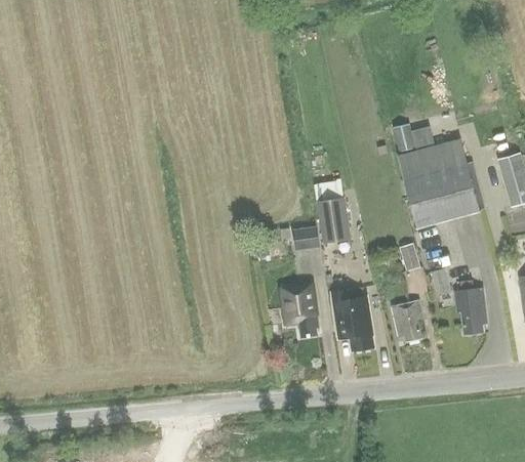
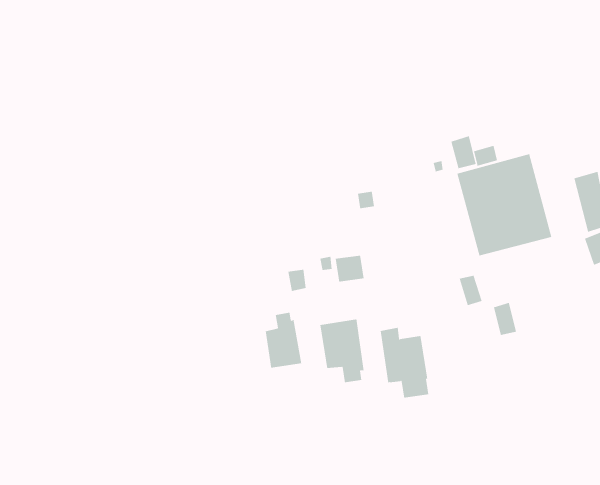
building: [318,199,351,243] -> none
building: none -> [265,312,302,369]
building: [454,284,486,332] -> none
building: [393,301,423,342] -> none

